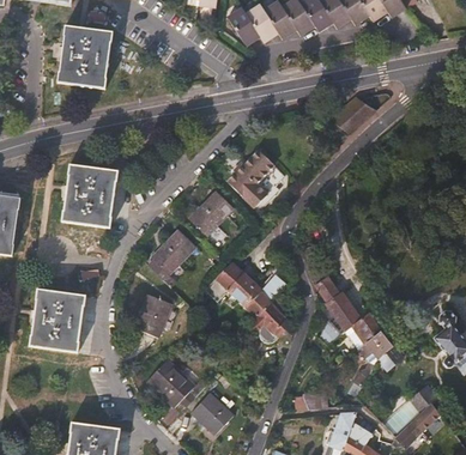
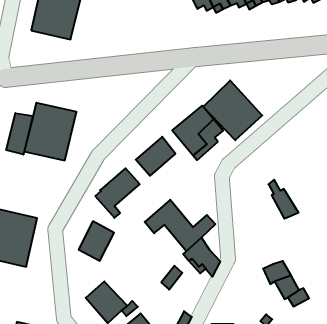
building: none -> [203,80,262,140]
building: none -> [6,113,33,155]
building: [319,287,356,330] -> [268,180,299,219]

